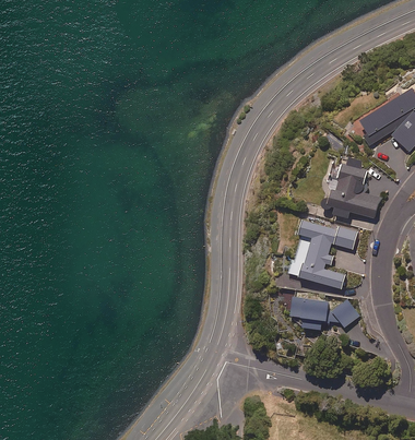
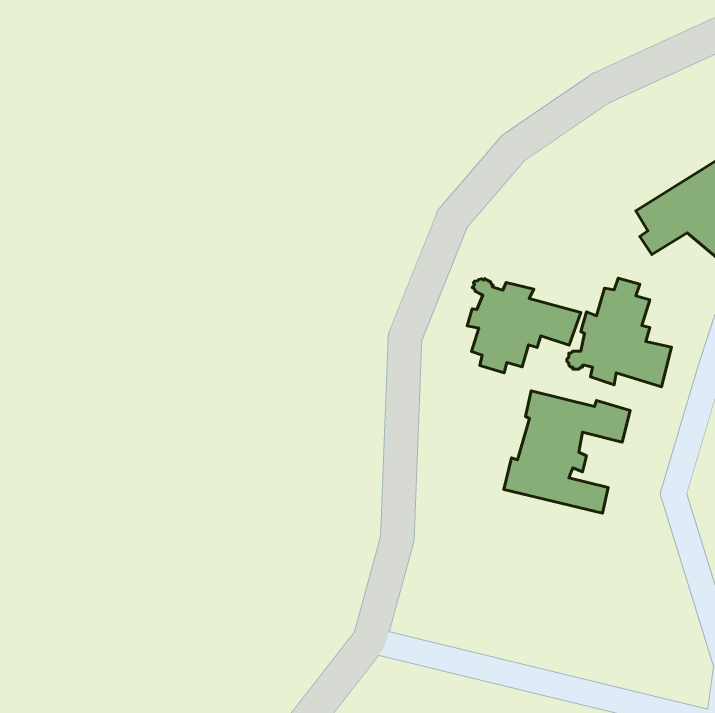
building: none -> [467,279,581,373]
building: [290,297,359,331] -> none

